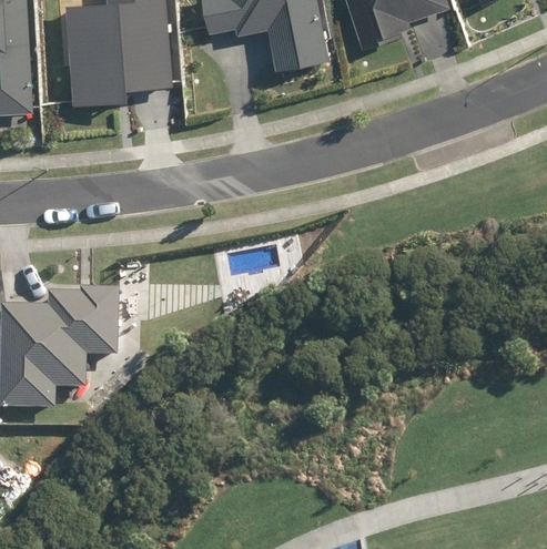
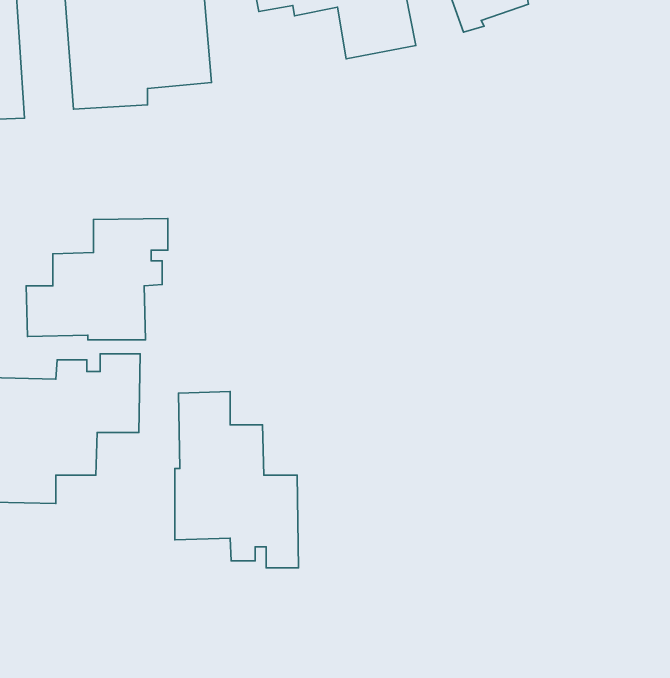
building: none -> [26,218,168,340]
building: none -> [175,392,298,568]

